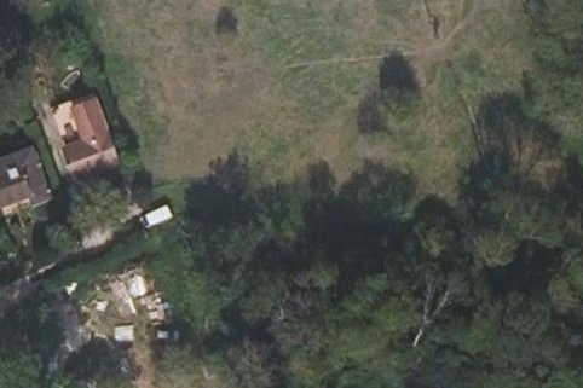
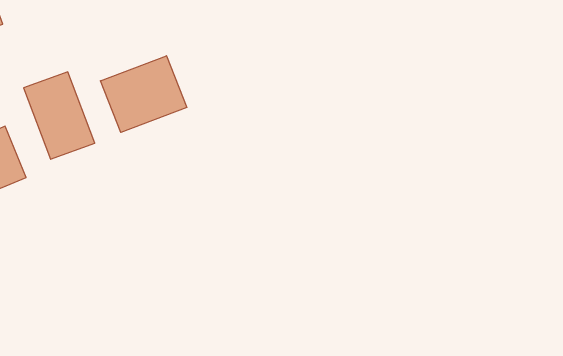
building: none -> [100,56,187,132]

